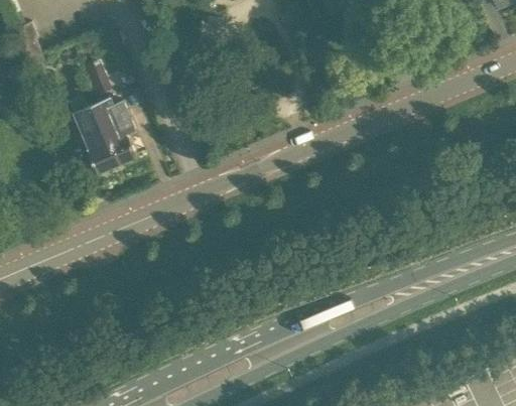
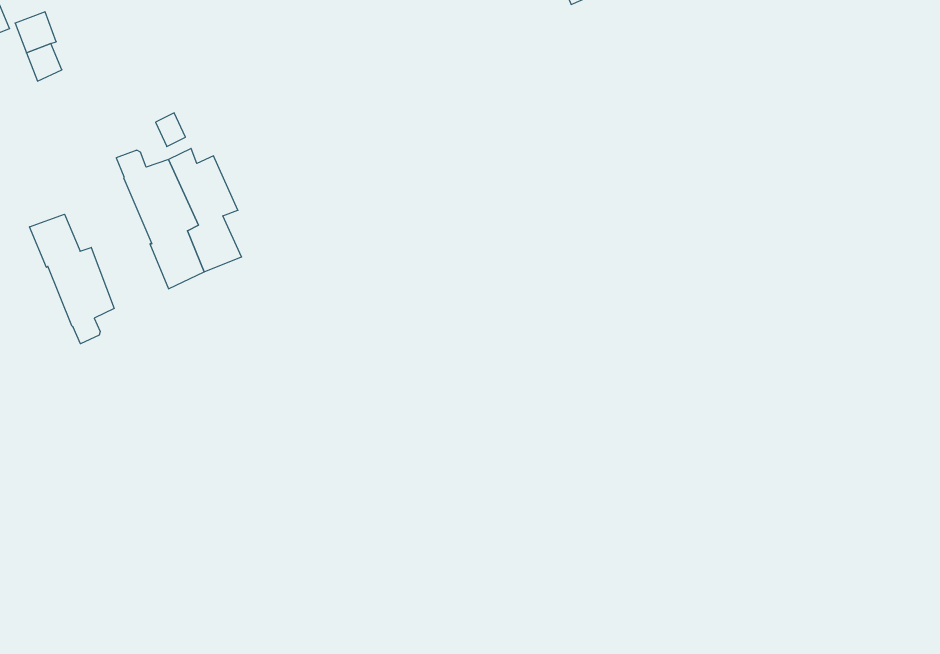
building: none -> [30,214,114,344]

